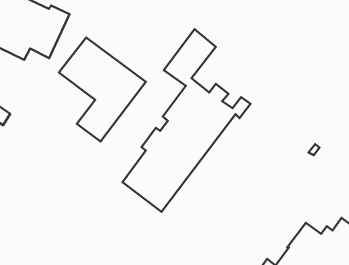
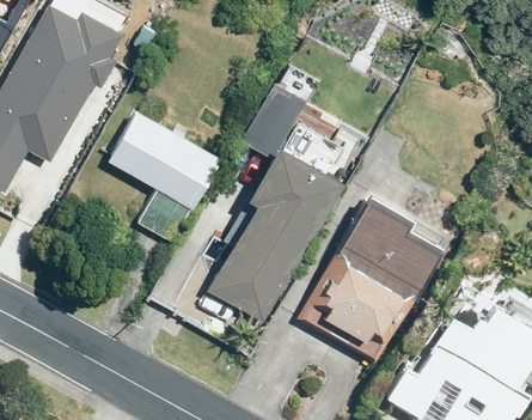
building: none -> [299,193,441,361]

